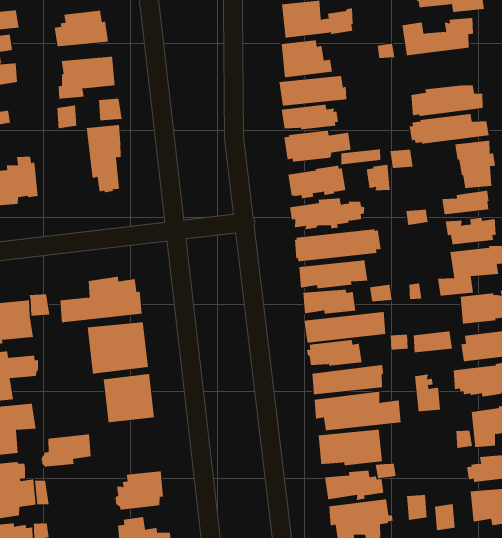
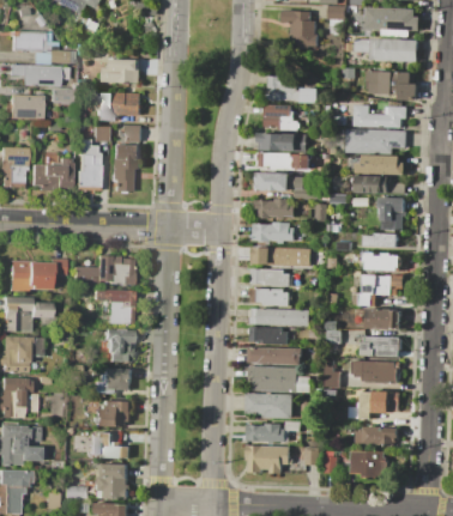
building: none -> [348,128,406,154]
building: none -> [77,139,101,190]
building: [41,434,92,467] -> [93,372,132,394]

